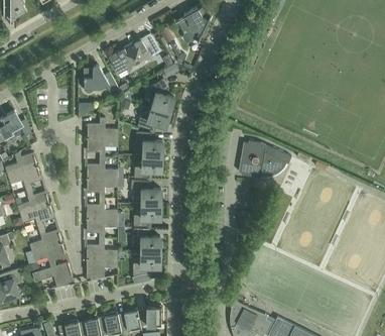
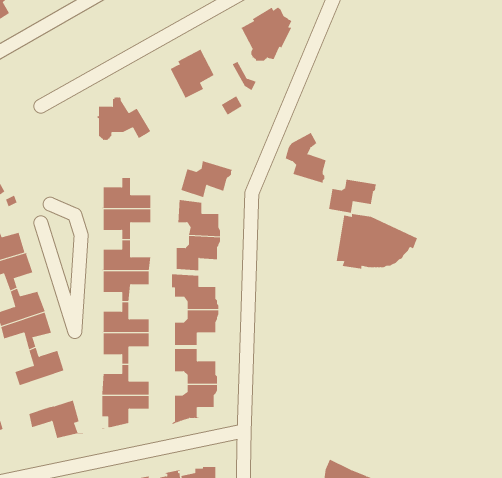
building: [108,45,140,75] -> none
building: [146,80,173,113] -> [285,132,327,184]
building: none -> [329,179,376,213]
building: [32,243,66,267] -> none

